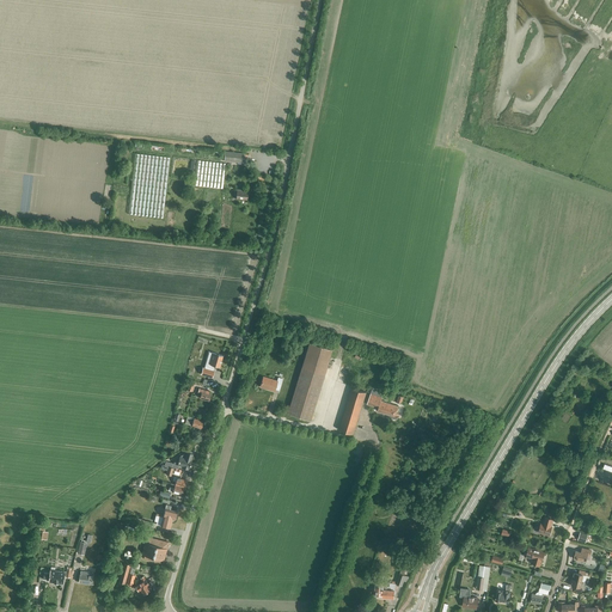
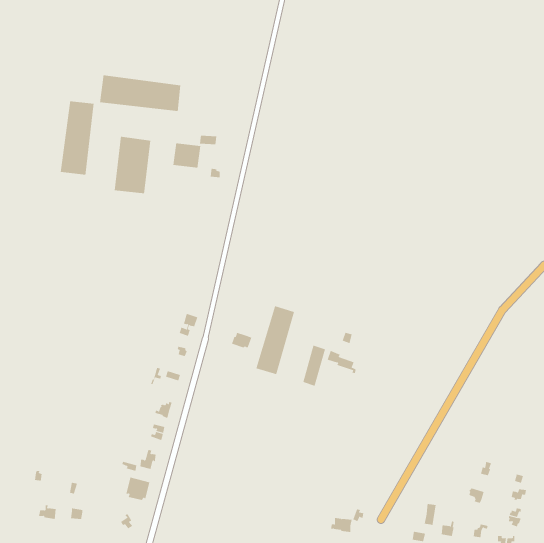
building: none -> [100,75,181,112]
building: none -> [60,101,94,176]

